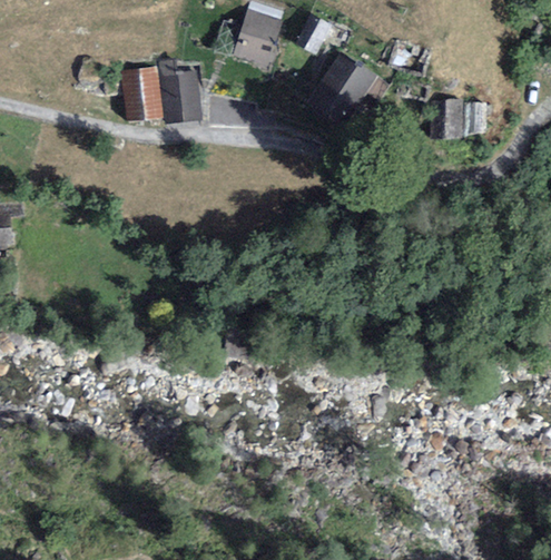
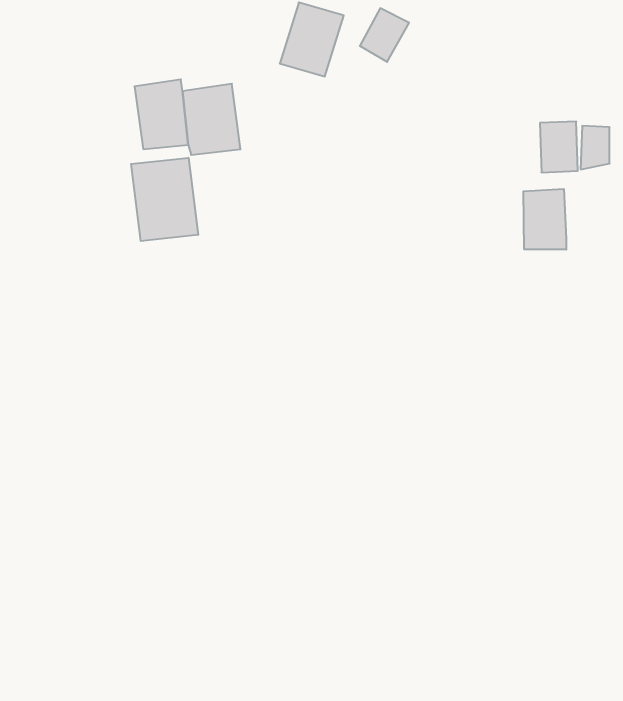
building: [307,51,377,127] -> none
building: none -> [131,158,198,241]
building: none -> [523,189,566,250]

